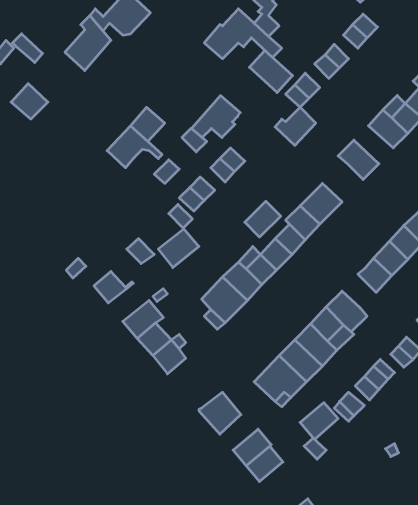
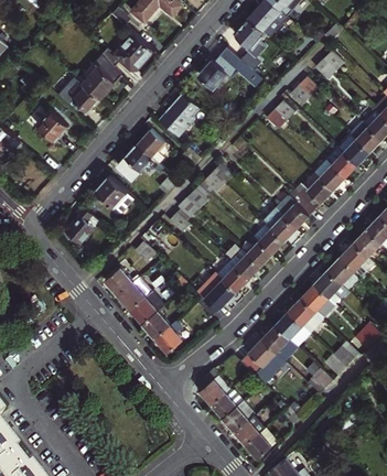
building: none -> [67,82,97,111]
building: [249,50,293,93] -> none
building: [192,96,240,138] -> [158,94,198,129]
building: [275,107,316,145] -> [297,177,331,209]
building: none -> [323,145,356,177]
building: none -> [95,175,133,214]
building: none -> [64,206,99,245]
building: [245,201,281,237] -> none
building: [158,228,199,268] -> [117,277,151,310]
building: none -> [313,270,347,299]
building: [300,403,338,439] -> [244,428,276,458]
building: none -> [211,388,243,418]

